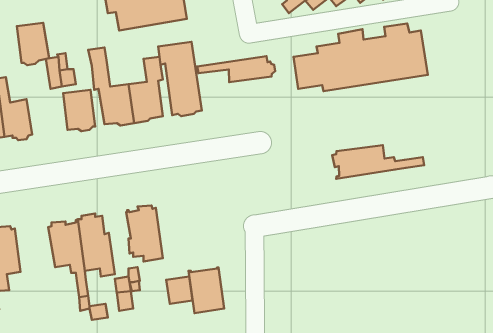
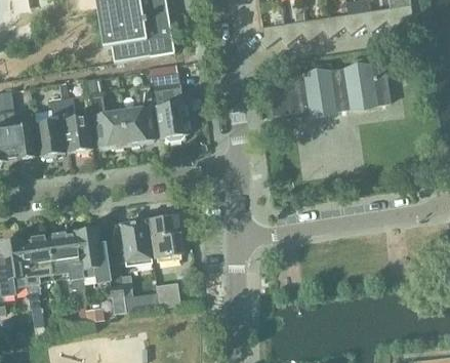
building: [17,23,49,65] -> [36,119,65,157]
building: [197,56,275,82] -> none
building: [332,145,424,179] -> none
building: none -> [21,236,52,327]
building: [189,267,224,313] -> [150,216,181,257]

